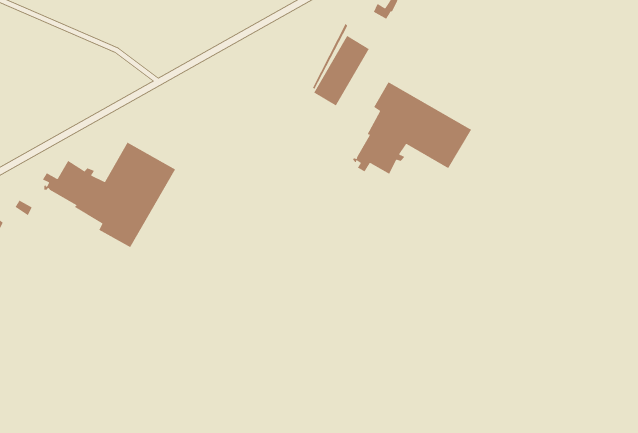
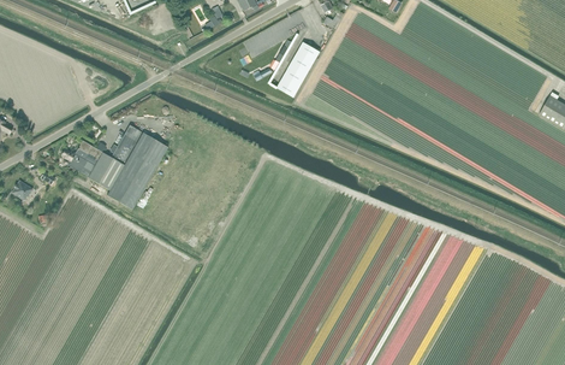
building: [352,81,472,175] -> none

